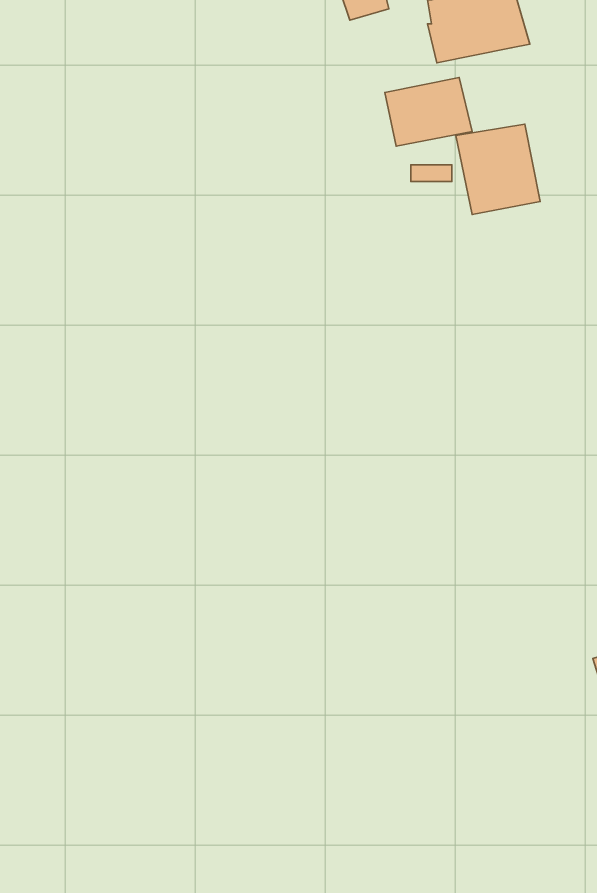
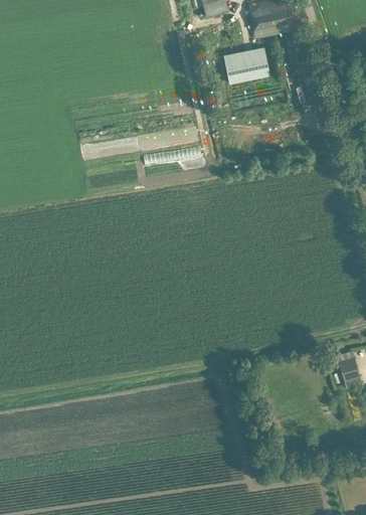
building: [456,124,540,215] -> none

